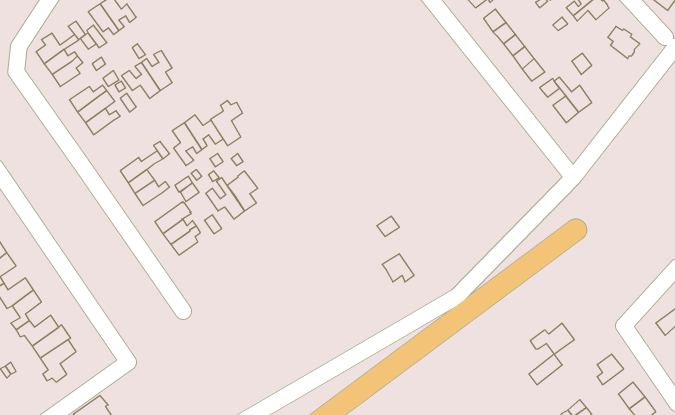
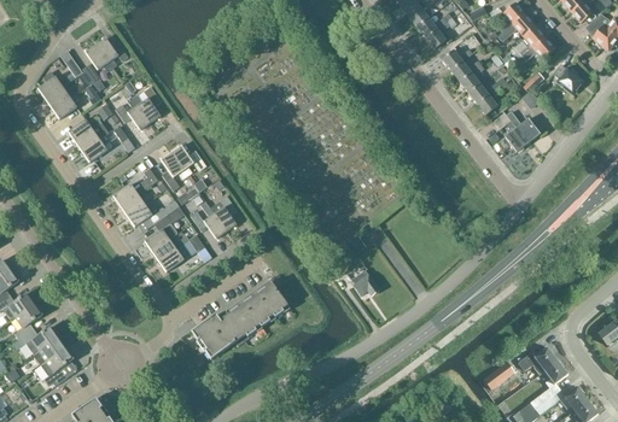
building: [210,100,243,146] -> none
building: none -> [191,281,287,358]
building: [530,323,574,354] -> [518,345,558,373]

